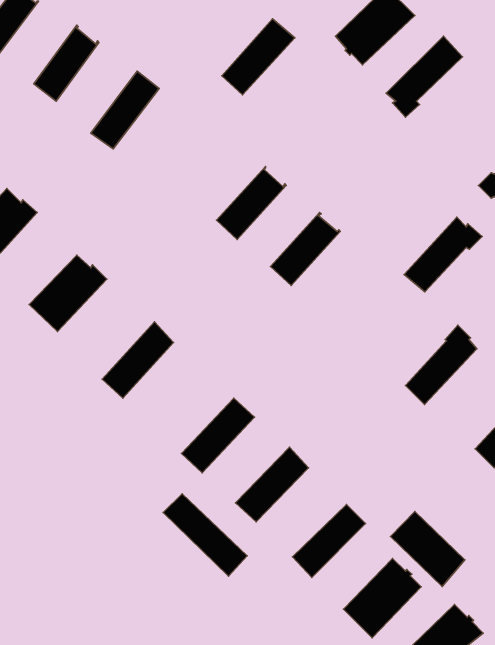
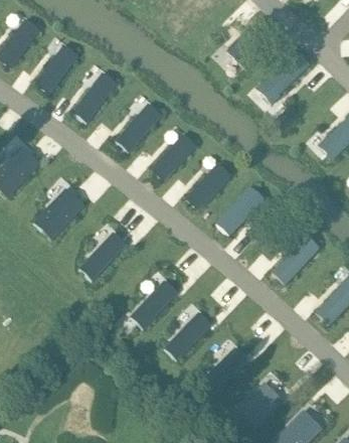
building: [222,19,295,95] -> [115,102,161,150]
building: [404,217,482,292] -> [215,185,265,233]
building: [163,494,247,576] -> none
building: [391,511,465,586] -> none

